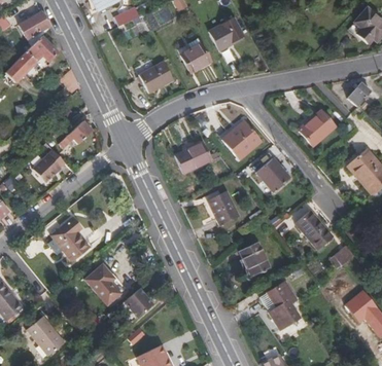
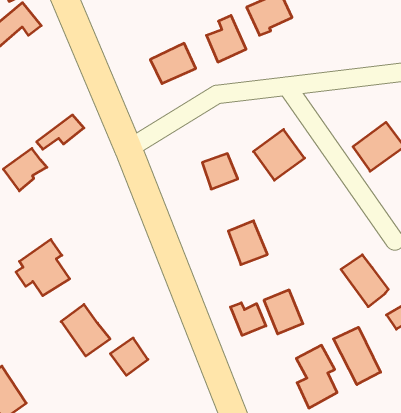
building: [254,157,289,192] -> none
building: none -> [230,303,266,335]
building: none -> [333,327,381,385]

